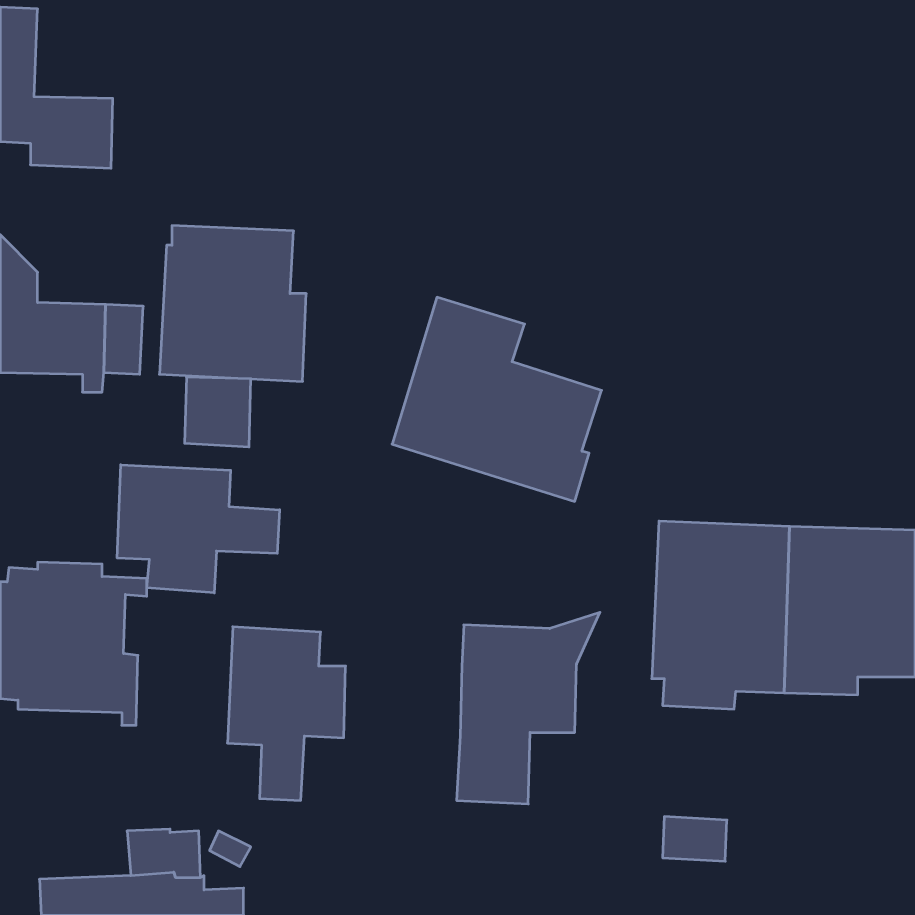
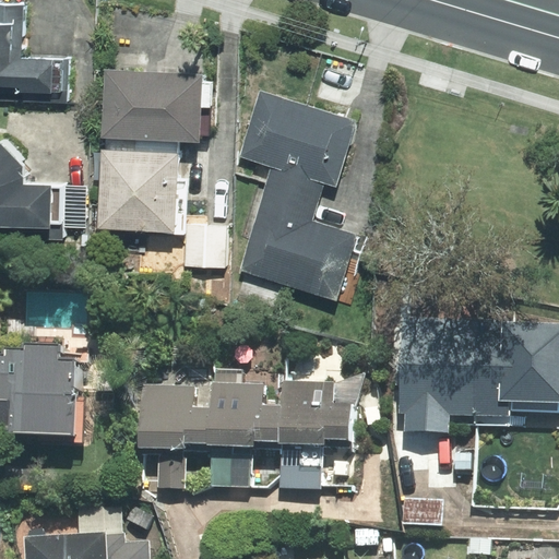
building: none -> [102,70,202,142]
building: none -> [239,92,357,198]
building: [185,377,251,447] -> [186,225,226,267]
building: [117,465,280,593] -> none
building: none -> [209,382,282,488]

